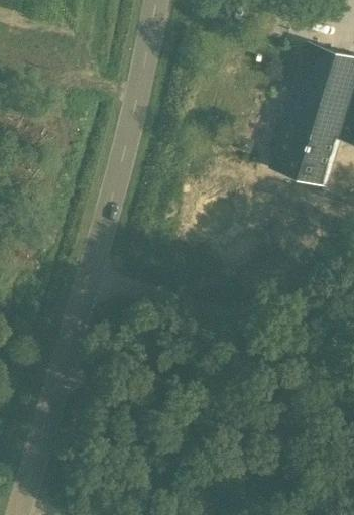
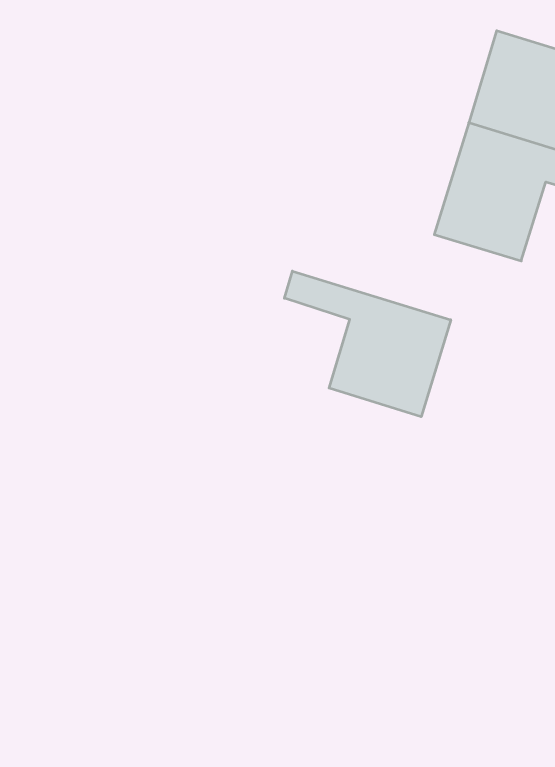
building: none -> [284,271,451,417]

